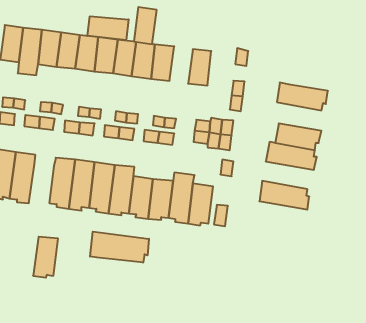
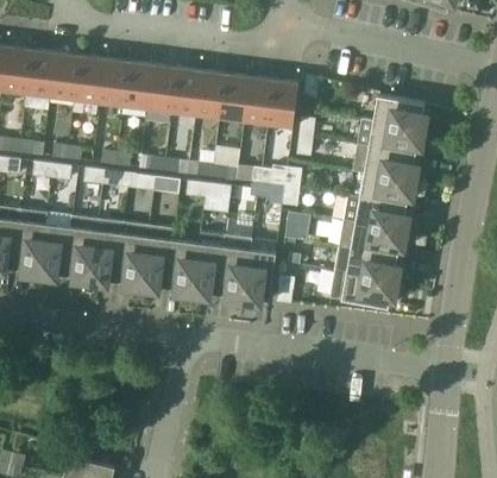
building: [134,7,157,44] -> [220,74,250,121]
building: [88,16,129,40] -> none
building: none -> [269,80,298,127]
building: none -> [373,96,427,131]
building: none -> [353,145,417,182]
building: none -> [339,221,405,257]
building: none -> [331,272,397,308]
building: [90,232,149,263] -> none
building: [33,237,58,278] -> [39,225,71,277]

